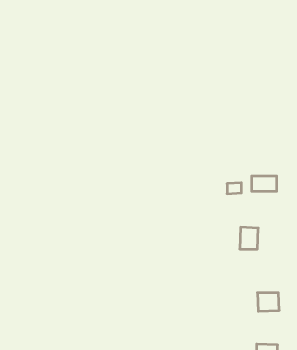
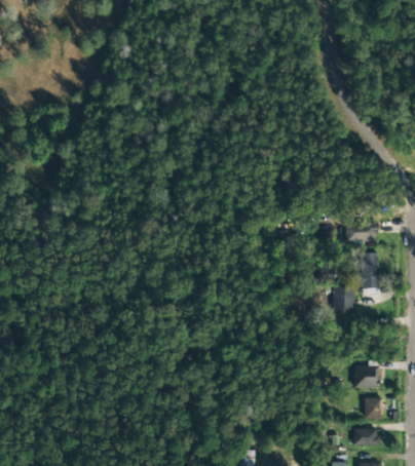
building: none -> [357,254,379,288]
building: none -> [364,398,383,420]

